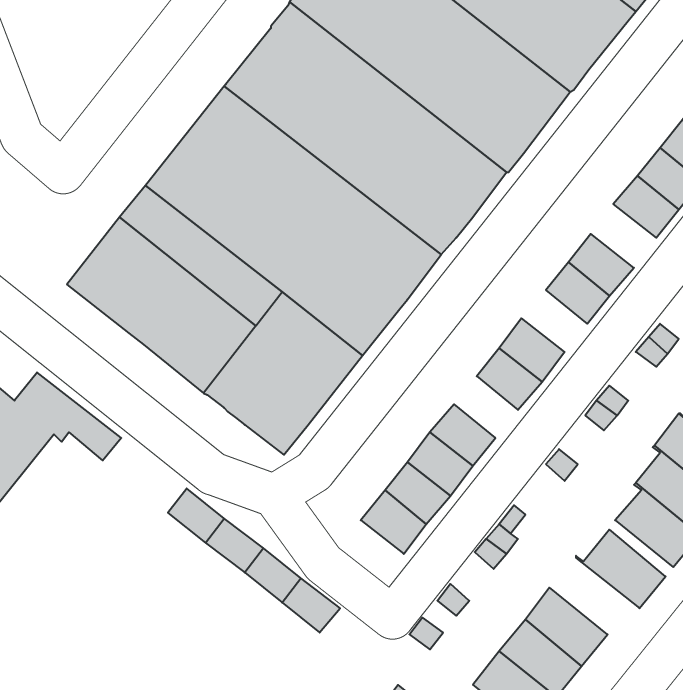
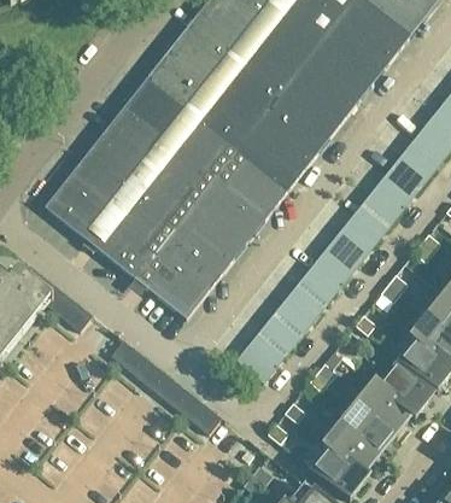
building: none -> [383,156,426,197]
building: none -> [339,211,381,251]
building: none -> [295,267,336,306]
building: none -> [357,384,415,433]

